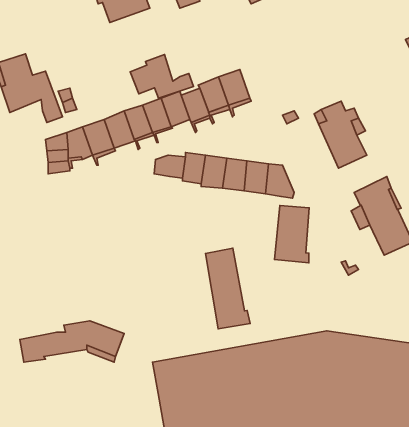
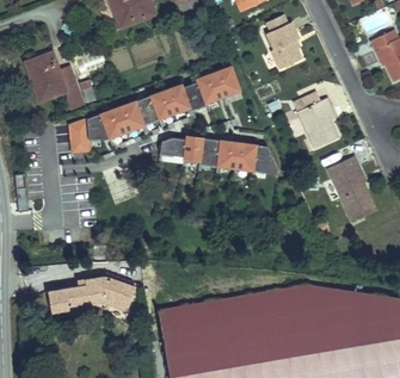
building: none -> [266,16,302,68]
building: [130,54,193,98] -> none
building: [275,205,309,263] -> none
building: [206,248,250,329] -> none

